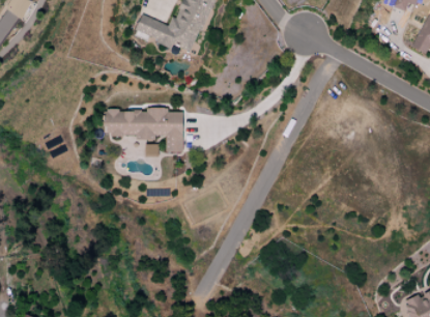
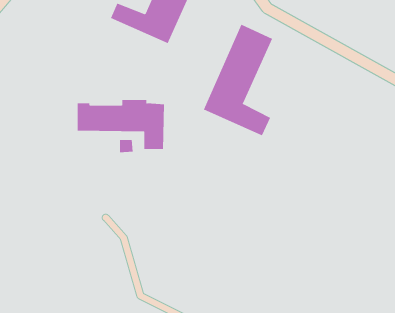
building: none -> [203,24,273,136]

